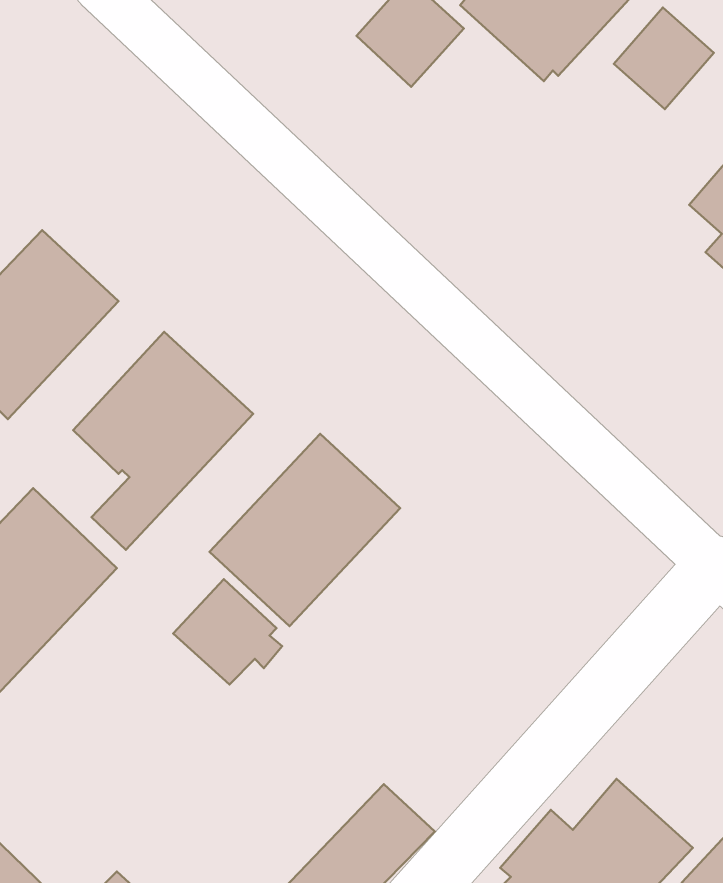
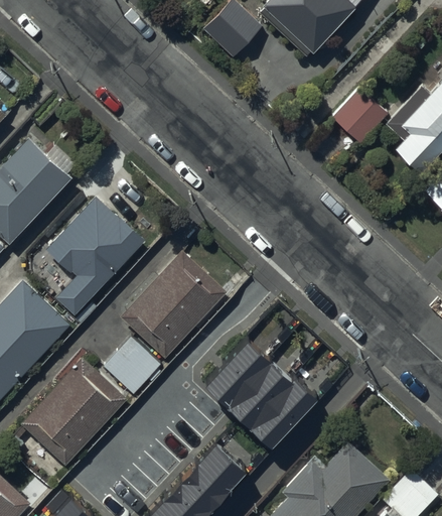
building: [614,7,714,109] -> [331,88,387,144]
building: none -> [205,338,313,444]
building: none -> [21,358,127,466]

